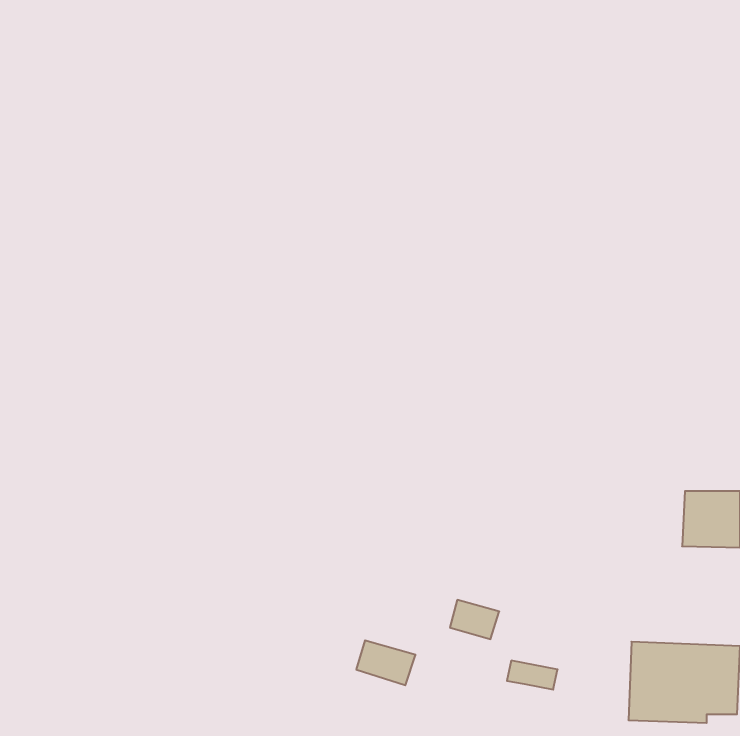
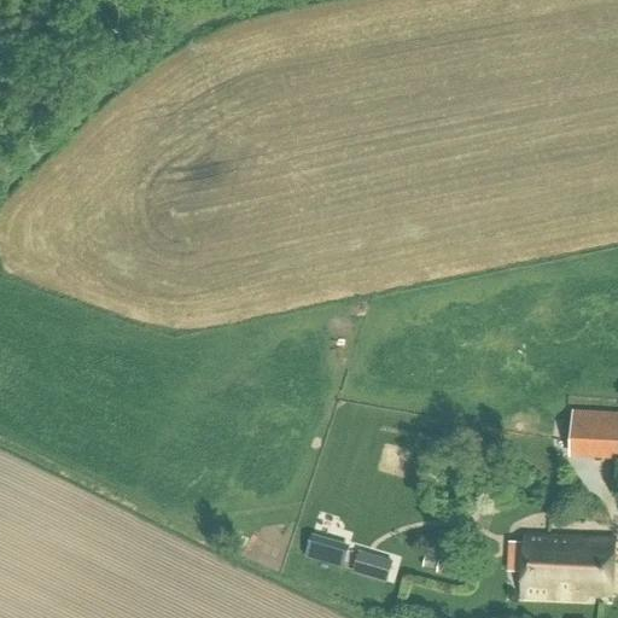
building: [450,600,499,639] -> [352,548,393,581]

